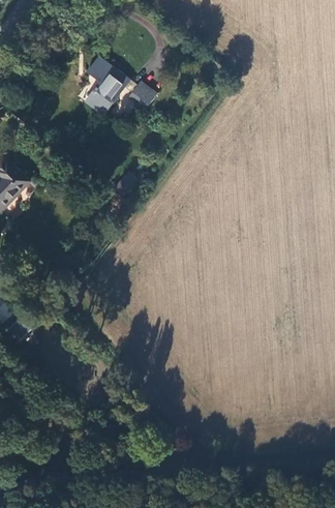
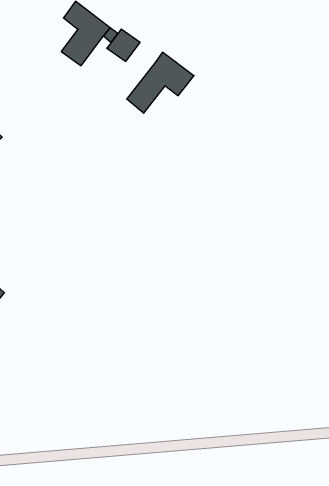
building: none -> [127,52,194,113]

